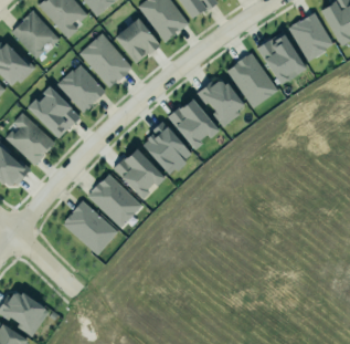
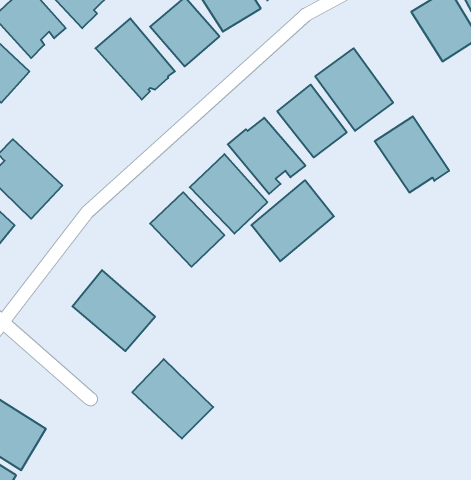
building: [257,32,307,83] -> [375,116,449,192]
building: [56,64,105,112] -> none
building: [26,85,79,138] -> none
building: none -> [251,180,334,261]
building: [87,174,141,227] -> [132,359,213,439]

